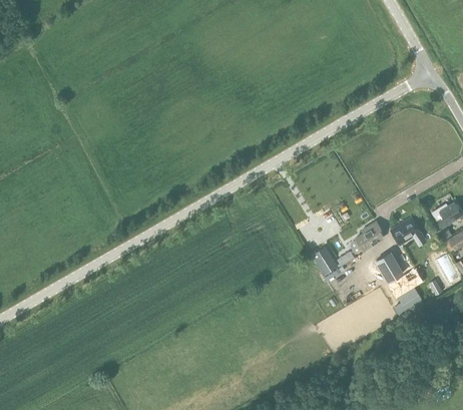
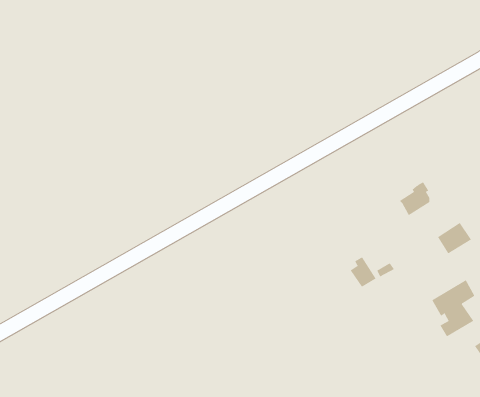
building: [355,221,382,251] -> [399,181,430,216]
building: [376,252,403,282] -> none

